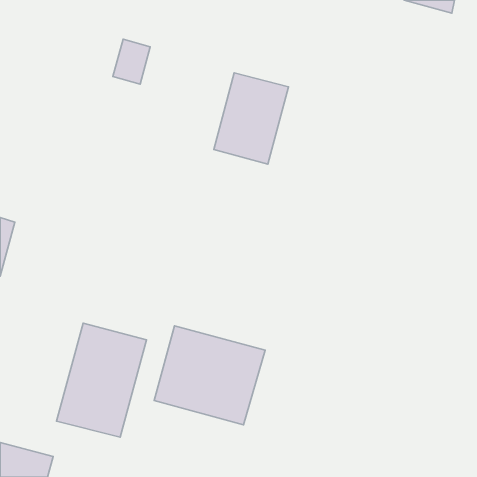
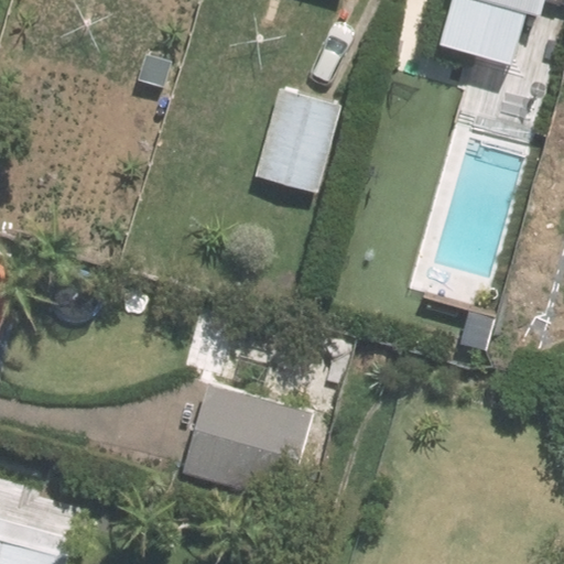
building: [56,323,147,437] -> none

